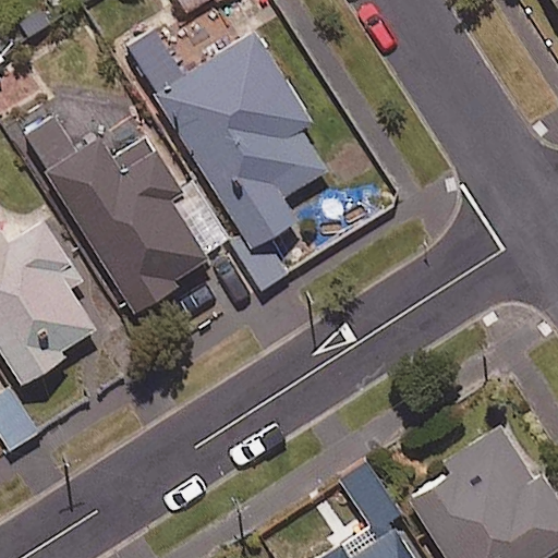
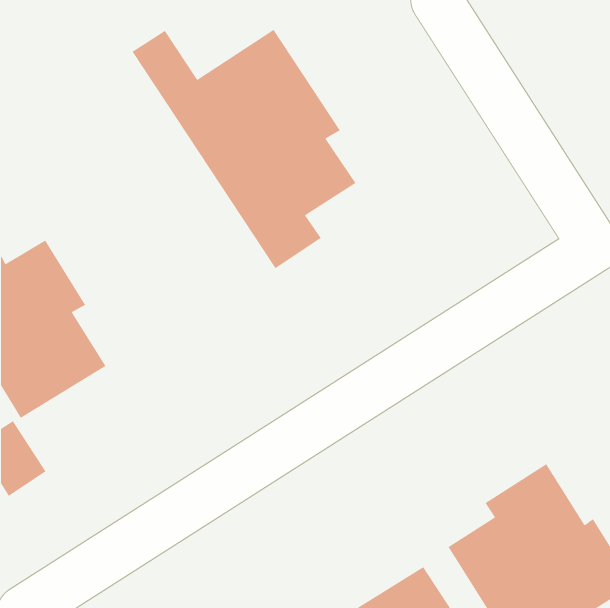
building: [19,116,232,307] -> none

